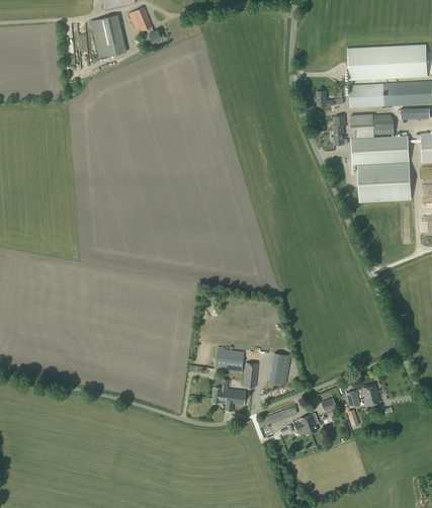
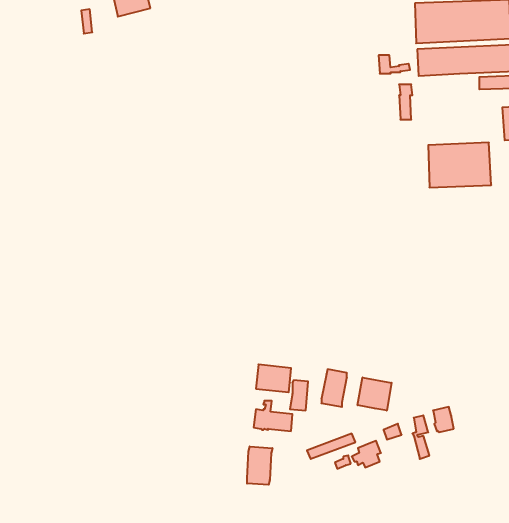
building: [350,113,409,164] -> none
building: none -> [358,377,392,411]
building: none -> [247,446,272,485]

